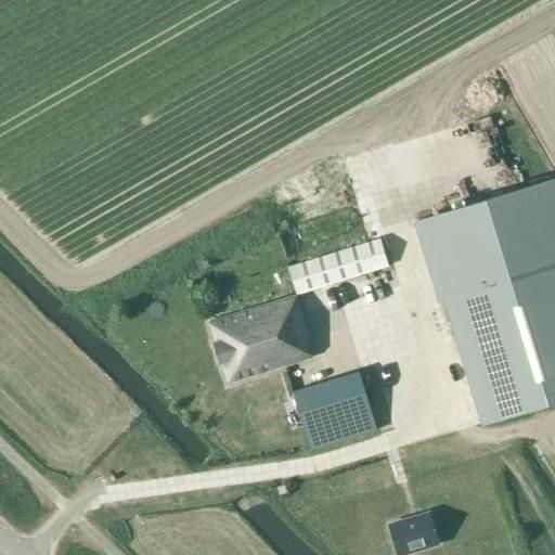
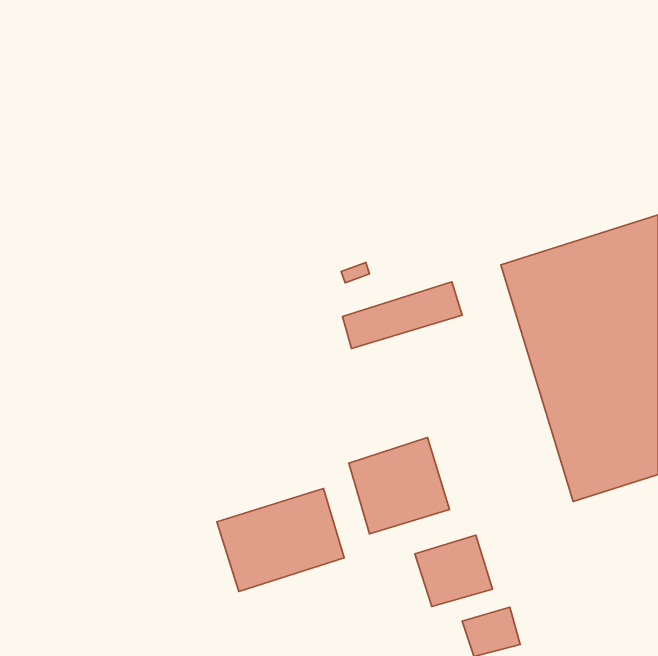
building: [204,295,311,382] -> [217,489,344,591]
building: none -> [415,535,493,606]

